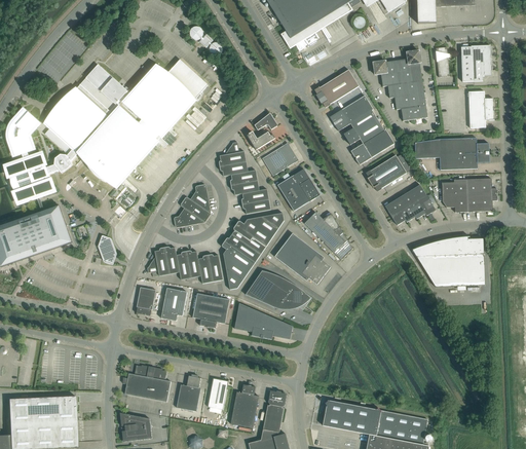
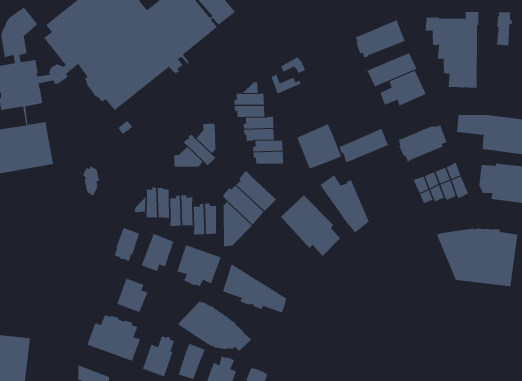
building: [350,129,393,164] -> [339,129,389,163]
building: [261,143,298,176] -> none
building: [243,213,284,241] -> none
building: [245,270,311,309] -> [177,300,252,352]
building: none -> [116,278,148,313]

